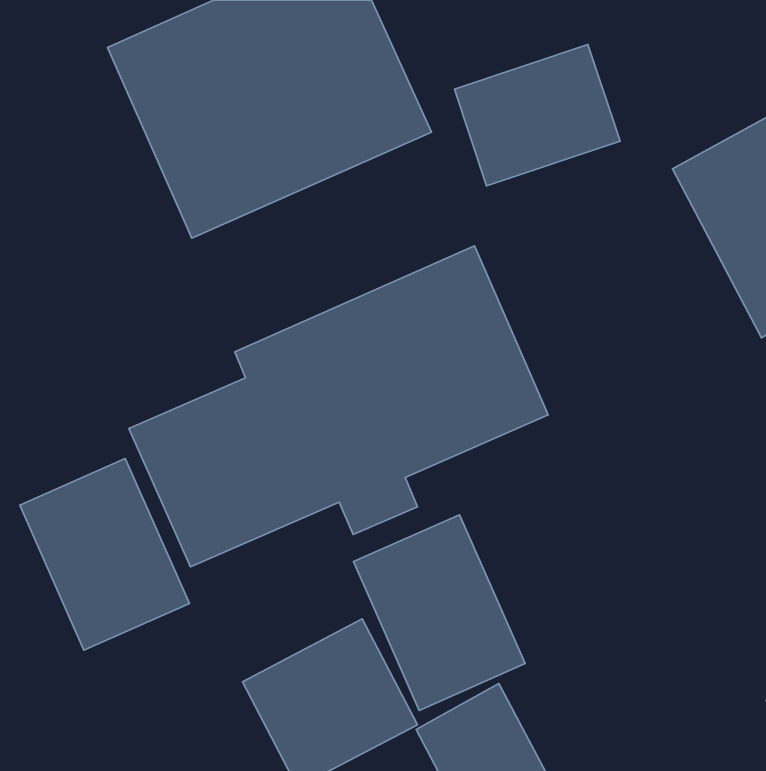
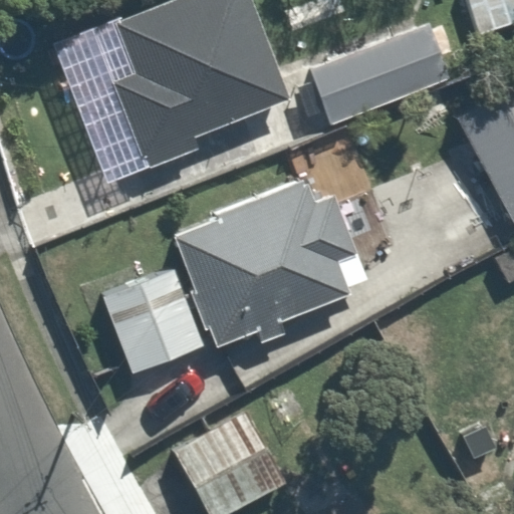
building: [20,458,189,650] -> none
building: [353,515,525,710] -> none

